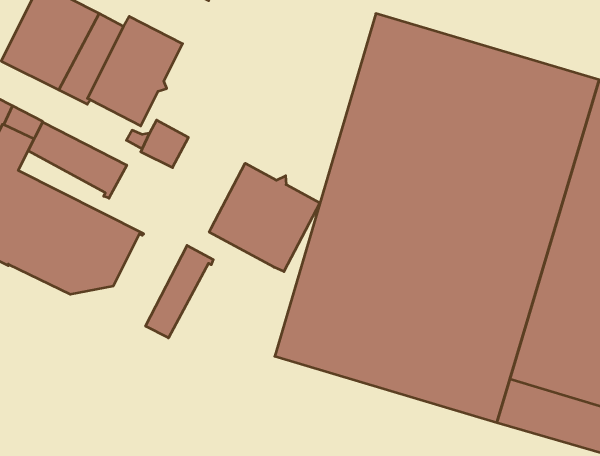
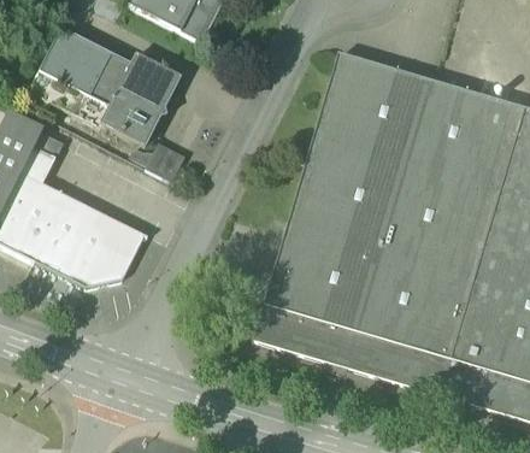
building: [28,122,127,198] -> none
building: [209,163,320,272] -> none
building: [146,245,213,338] -> none

